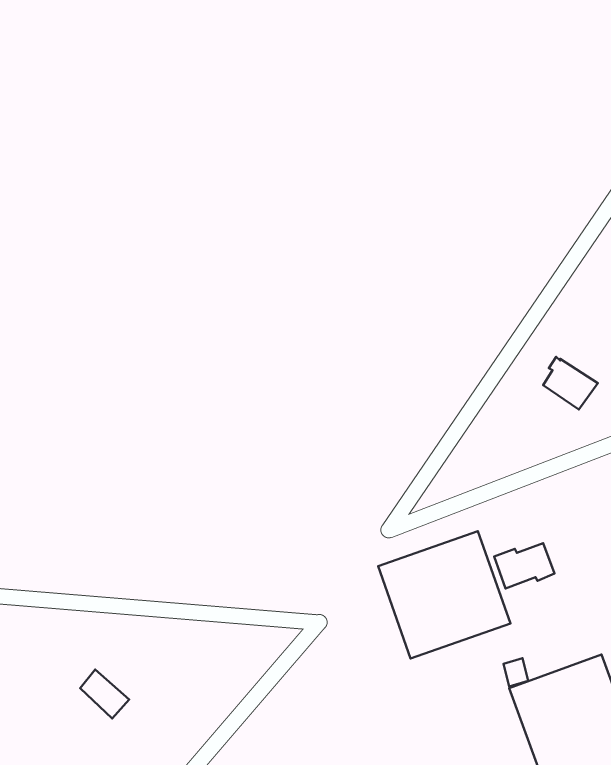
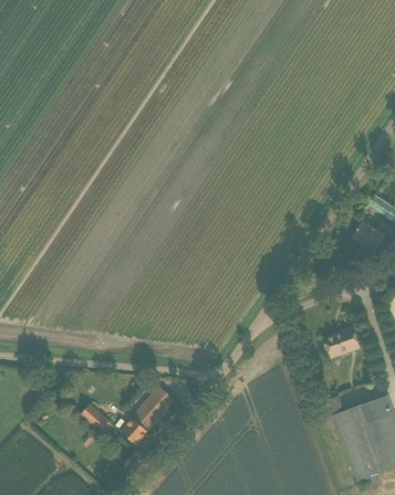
building: [378,531,511,659] -> none
building: none -> [122,387,174,444]

